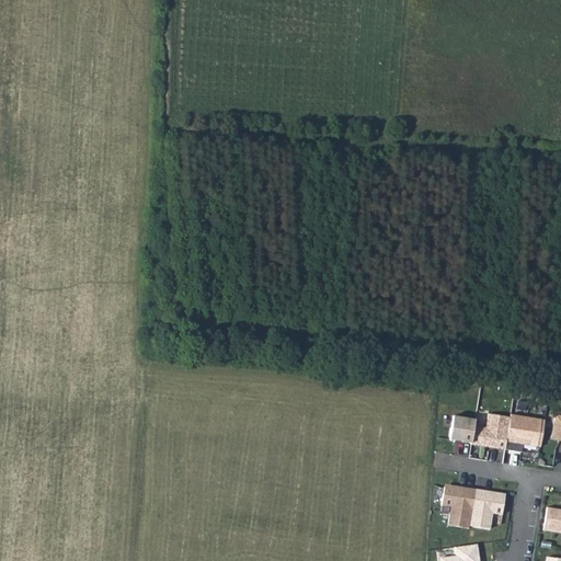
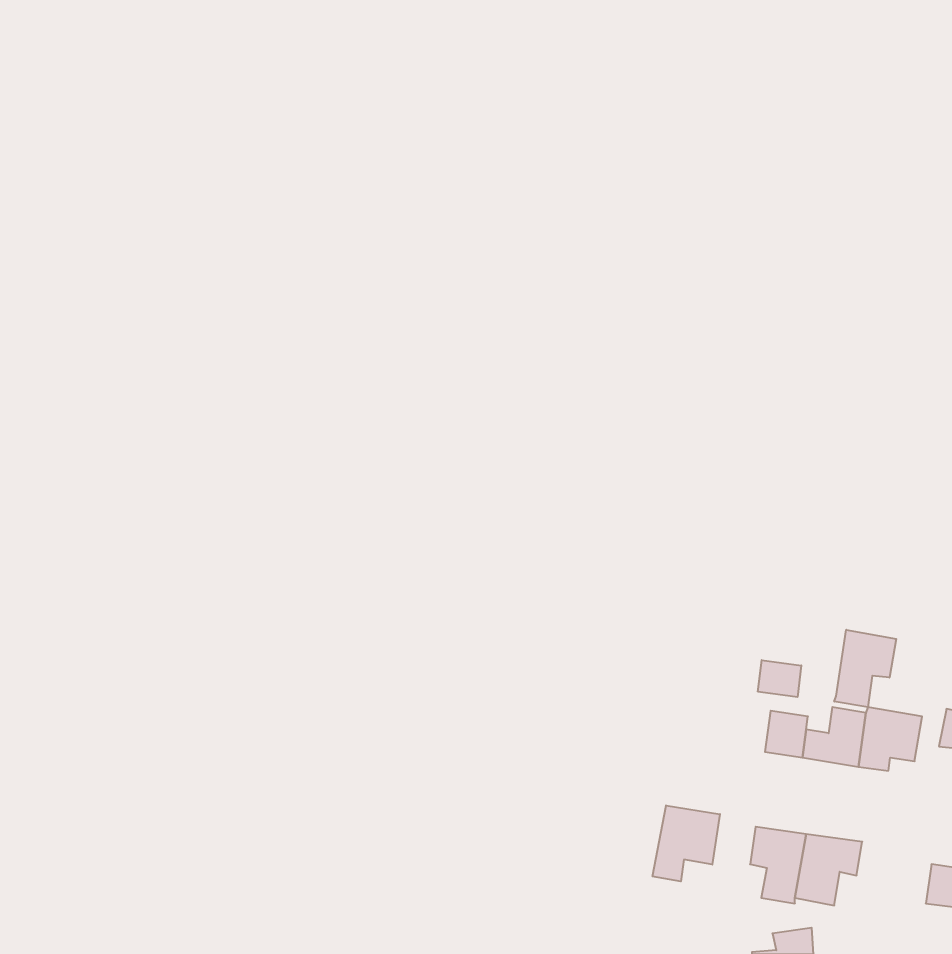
building: none -> [834,630,896,707]
building: none -> [758,660,801,697]
building: none -> [653,805,720,881]

